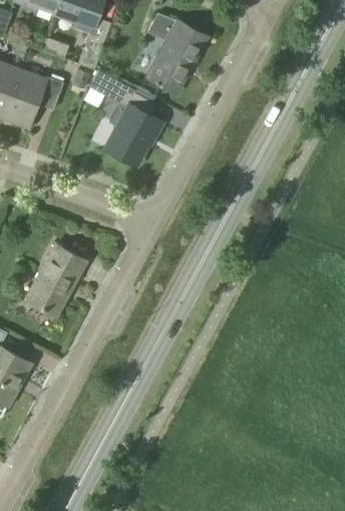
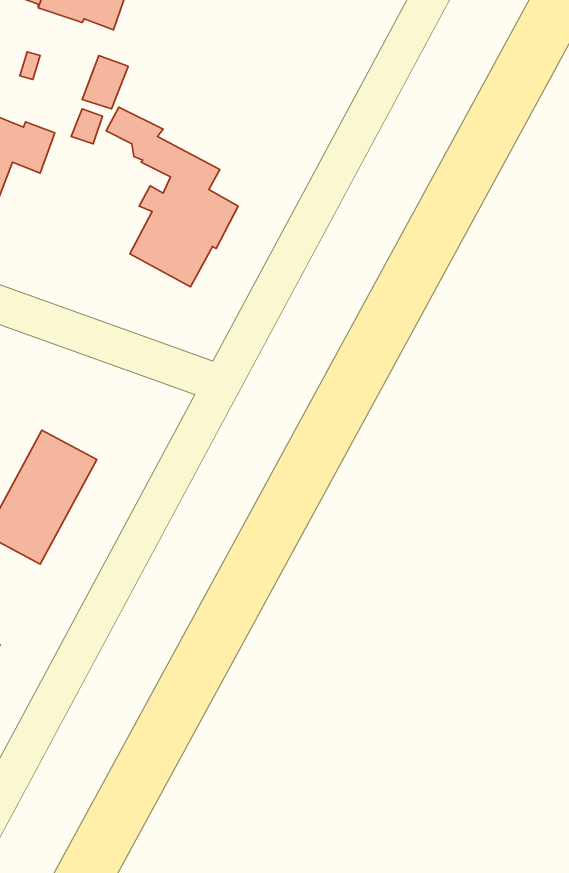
building: [145,15,208,92] -> none

